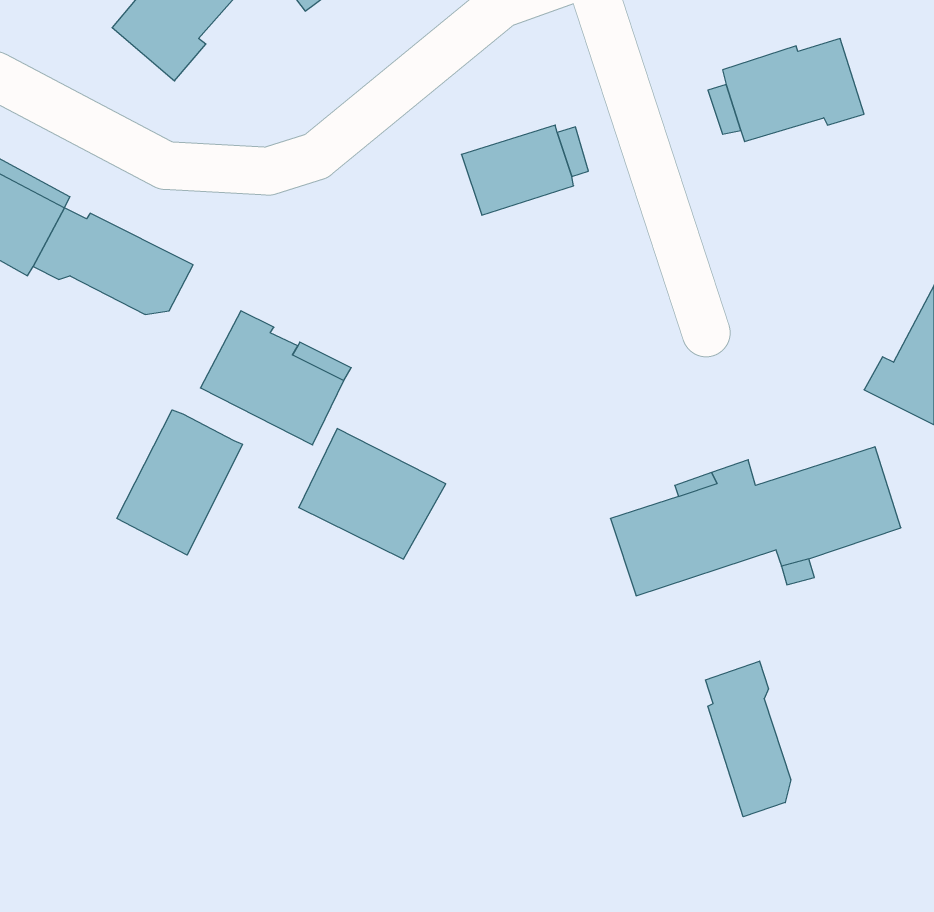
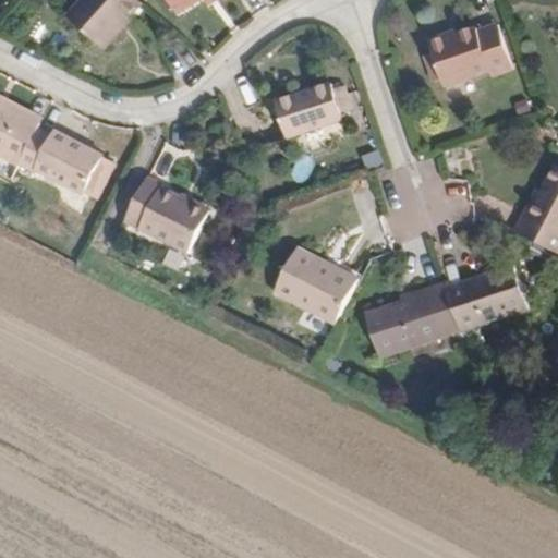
building: [117,410,243,555] -> none
building: [299,429,446,559] -> [269,248,356,326]
building: [706,661,791,817] -> none

